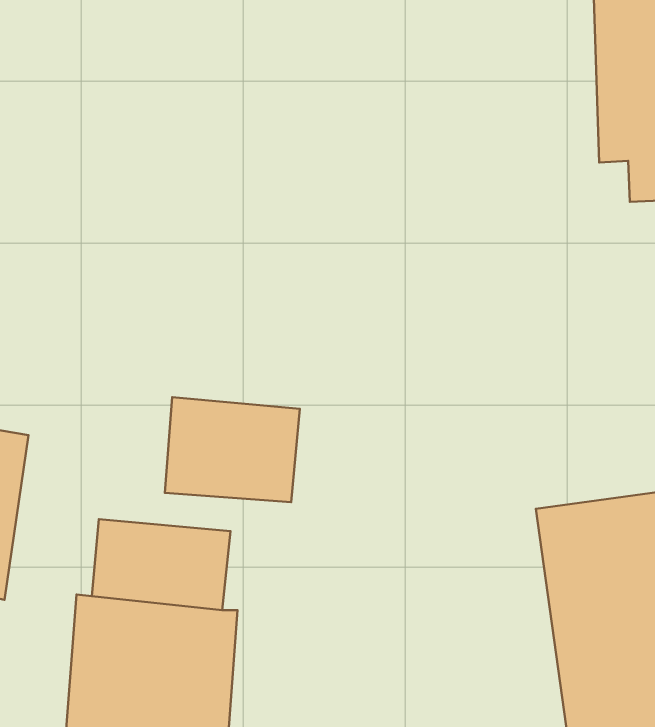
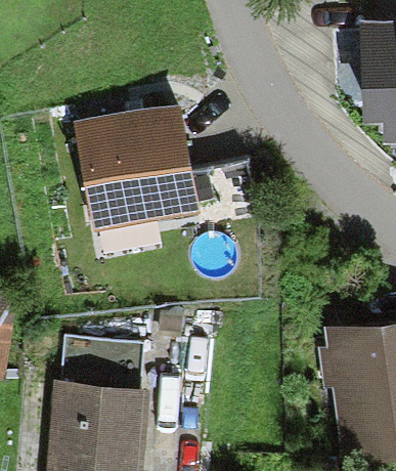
building: none -> [76,102,201,232]
building: [165,397,300,502] -> none

